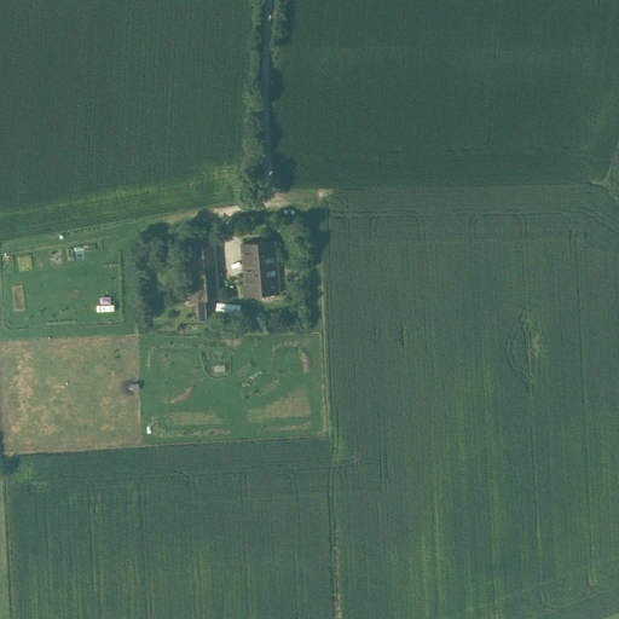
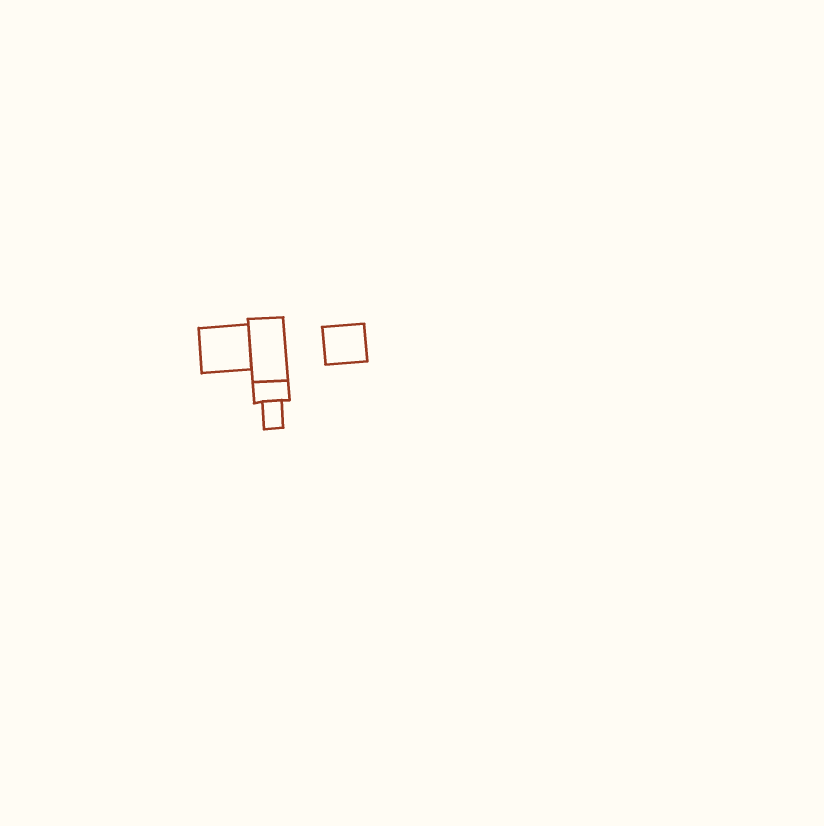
building: none -> [199,324,251,373]
building: [243,271,277,297] -> none

